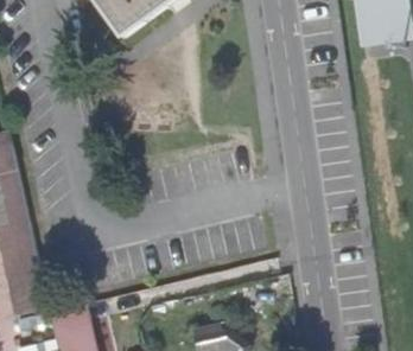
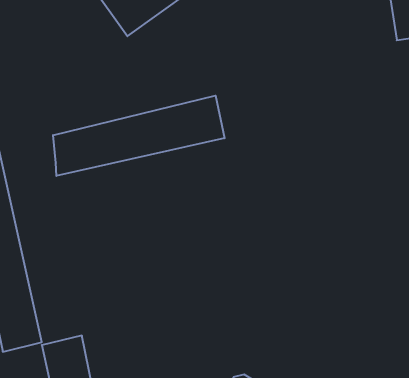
building: none -> [53,96,225,176]

